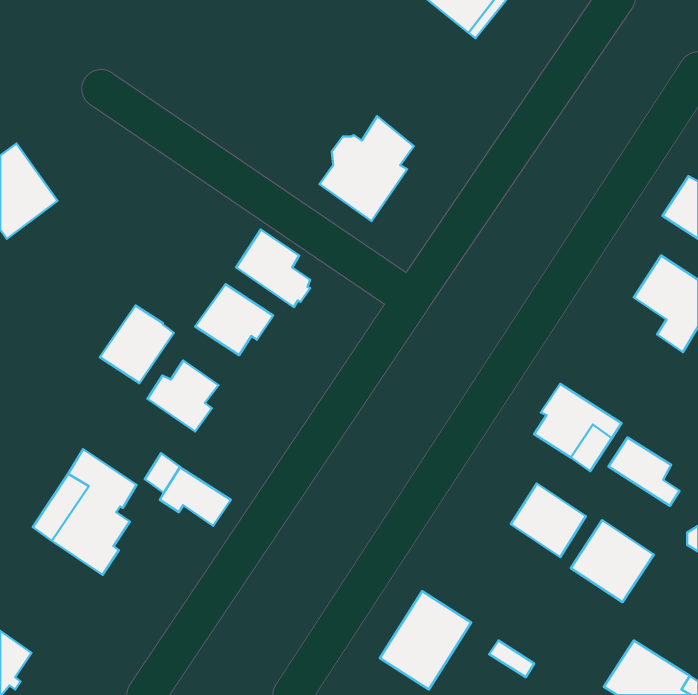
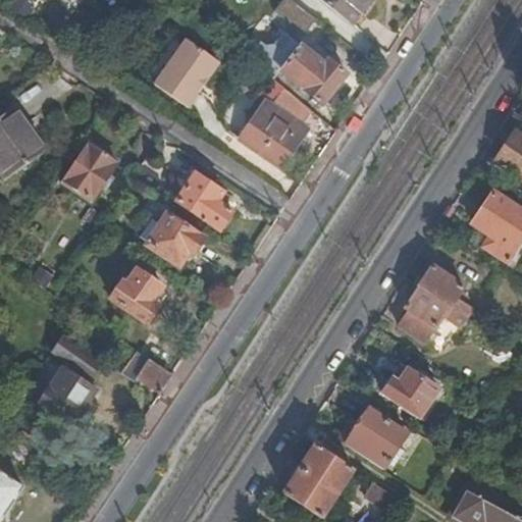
building: none -> [253,31,346,104]
building: none -> [155,40,220,107]
building: [100,305,174,383] -> [61,142,116,200]
building: [608,438,679,506] -> [418,265,471,316]
building: [571,520,654,602] -> [344,407,406,468]

